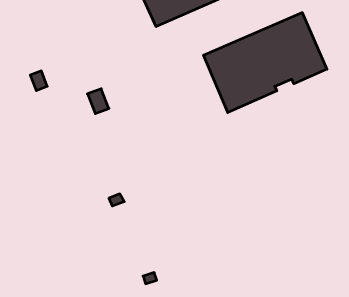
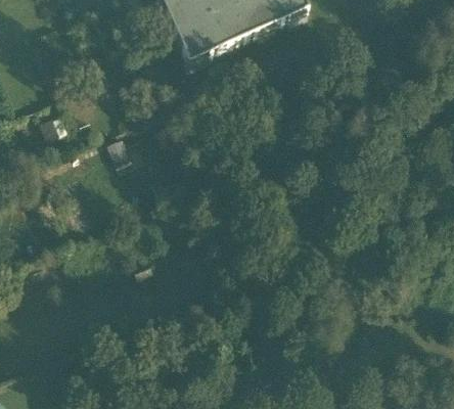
building: [204,13,327,113] -> none

